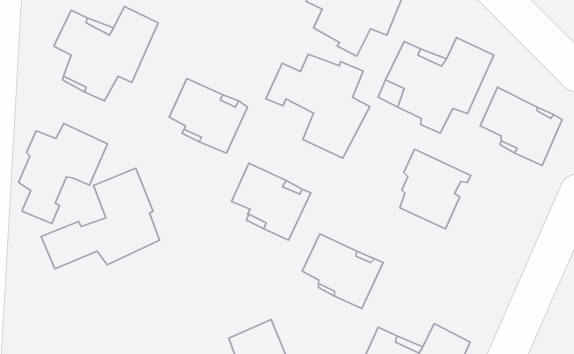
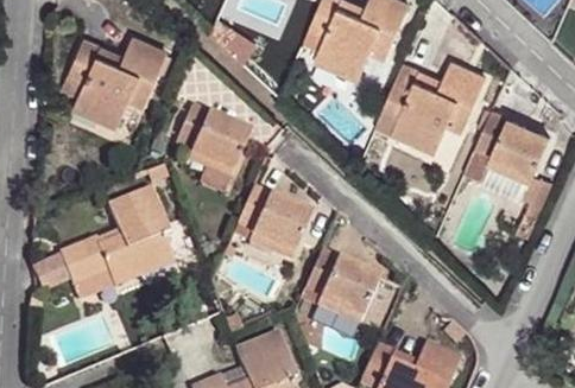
building: [266,54,370,158] -> none
building: [19,123,108,223] -> none
building: [400,149,471,229] -> none

